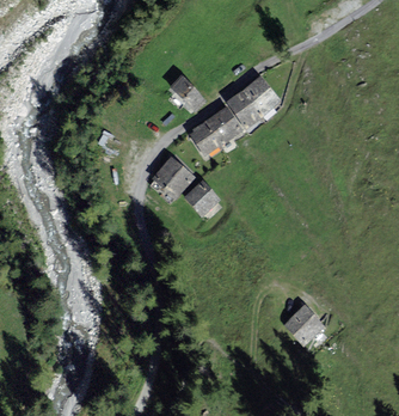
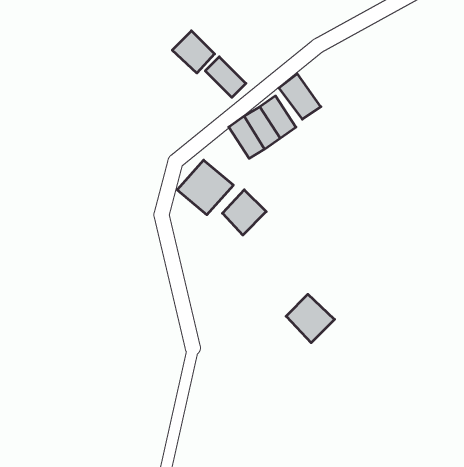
building: none -> [172,31,215,73]
building: [241,78,277,116] -> none
building: [286,306,323,343] -> [286,294,335,343]

